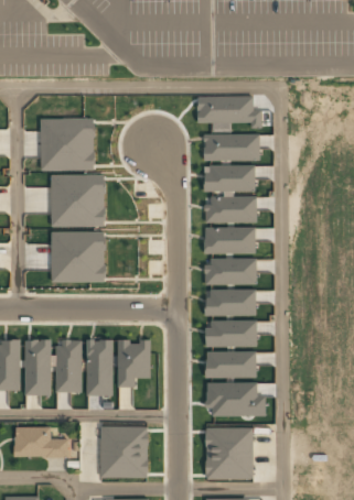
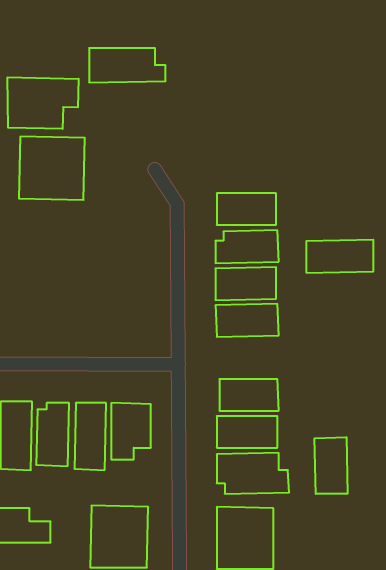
building: none -> [8,77,79,129]
building: [197,96,261,124] -> [89,48,166,82]
building: [203,133,259,161] -> [306,240,373,273]
building: [51,175,105,227] -> none
building: [51,232,105,283] -> none
building: [204,290,256,316] -> none
building: none -> [315,437,348,494]

